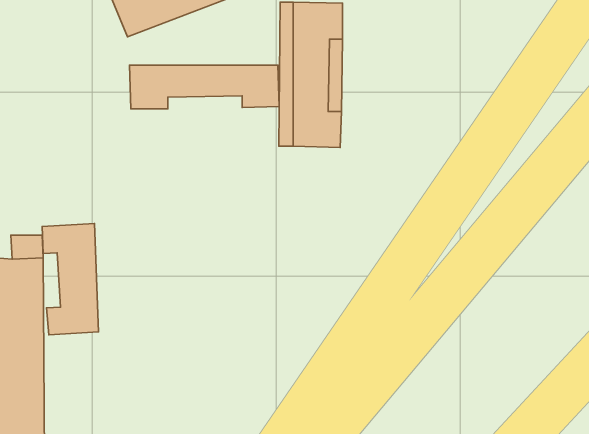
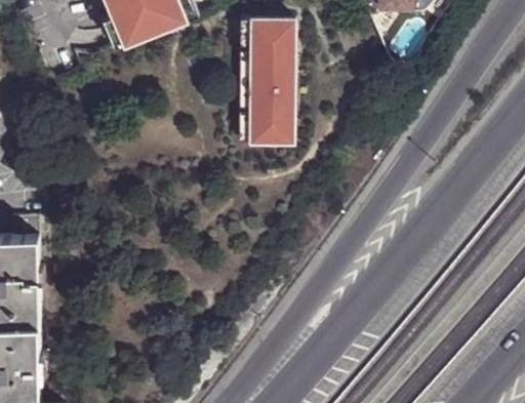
building: [130,65,279,109] -> none
building: [42,223,99,335] -> none

